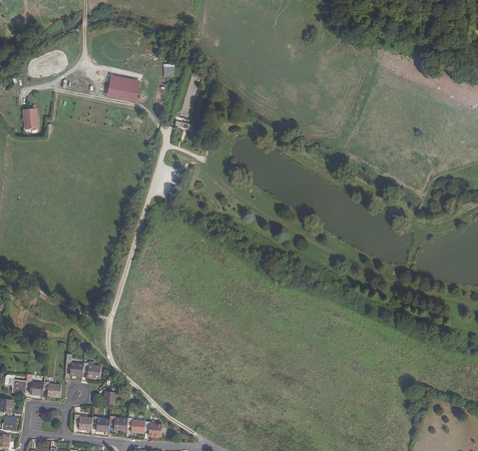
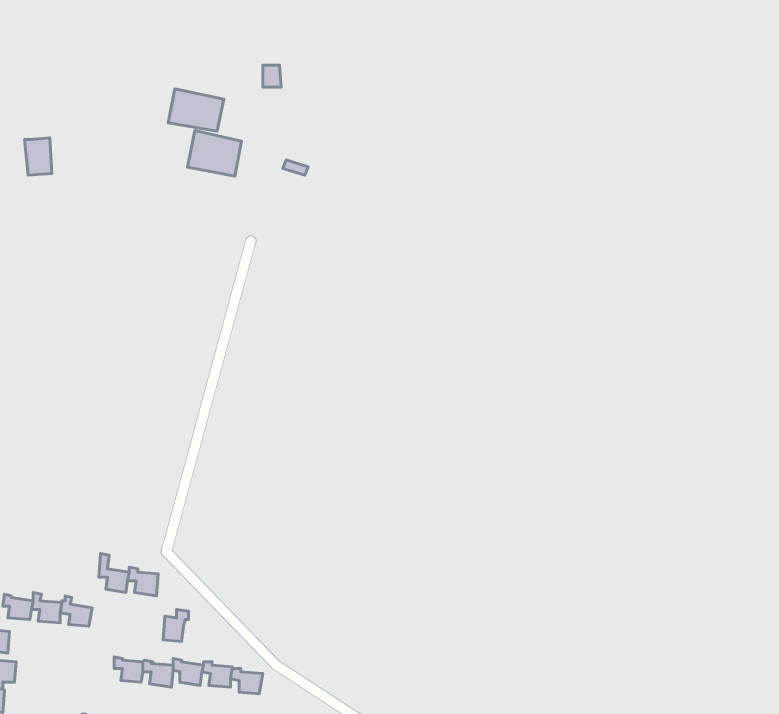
building: none -> [188,130,241,176]

